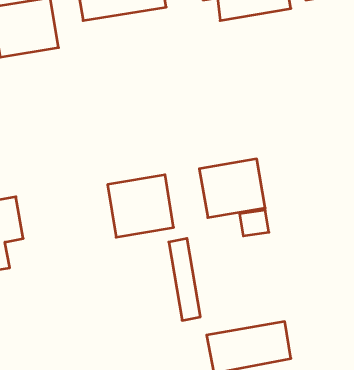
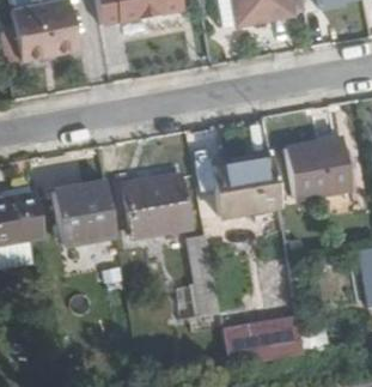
building: none -> [289,140,354,201]
building: none -> [56,182,114,243]

